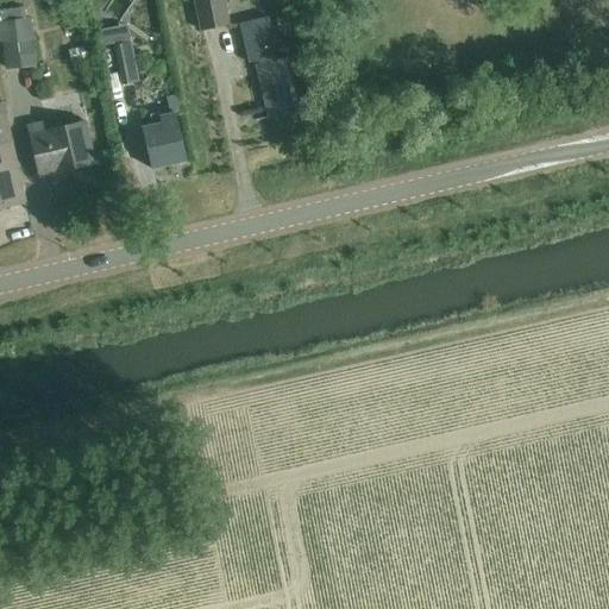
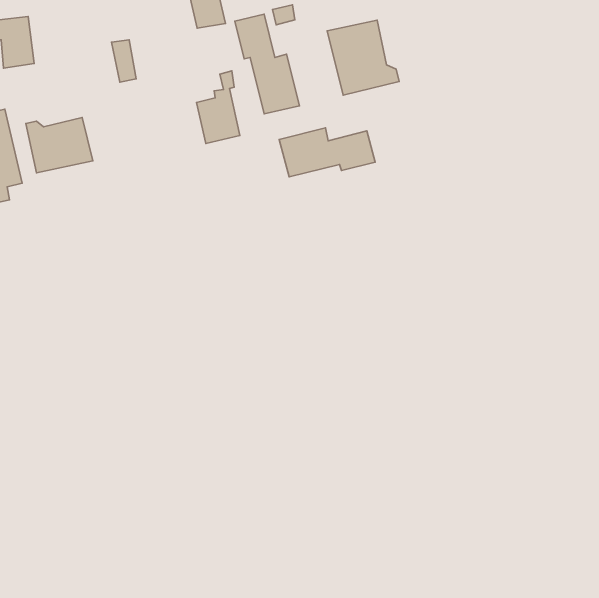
building: none -> [327,20,399,95]
building: [142,94,186,168] -> [196,71,240,144]
building: none -> [279,128,375,177]

